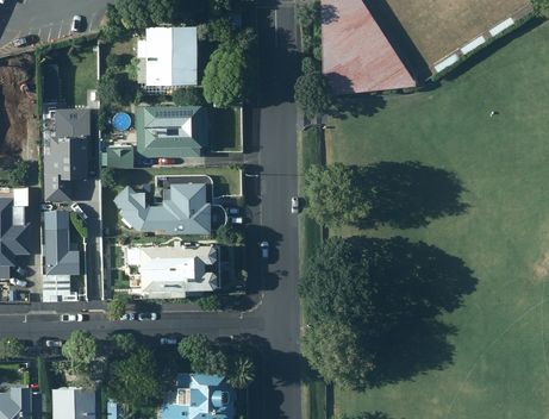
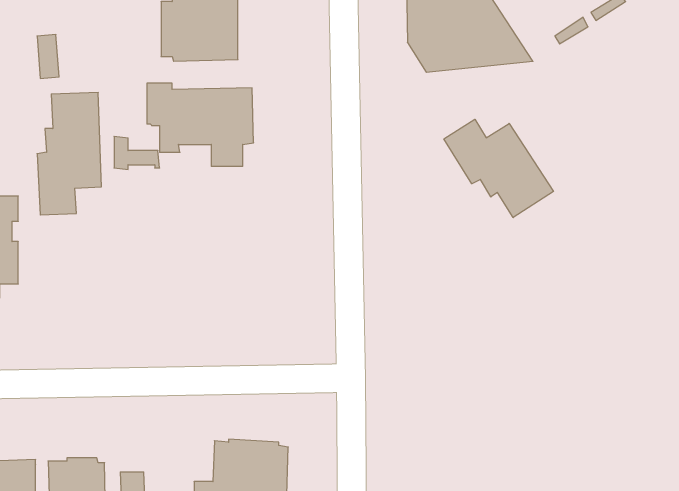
building: none -> [444,119,553,218]
building: [112,176,226,234] -> none
building: [42,213,73,300] -> none
building: [127,240,216,299] -> none

